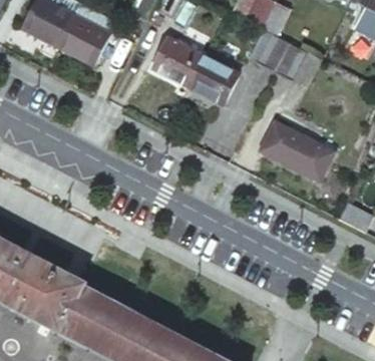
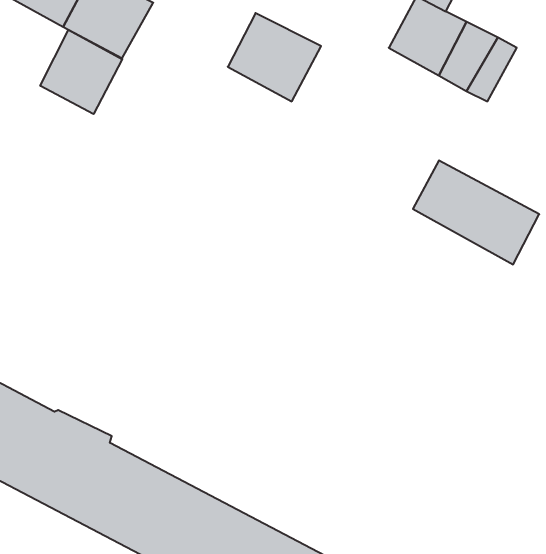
building: none -> [40,30,122,114]
building: [191,57,241,107] -> none

